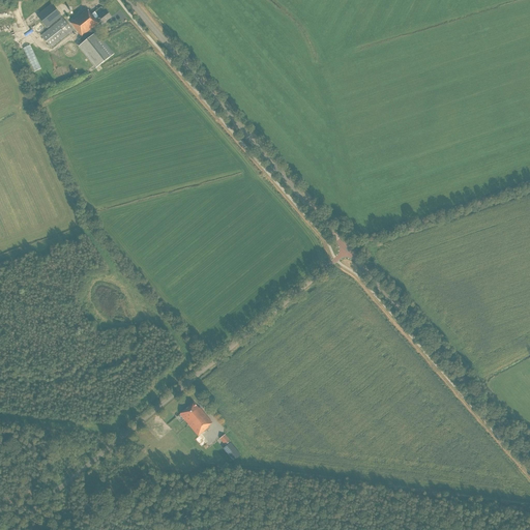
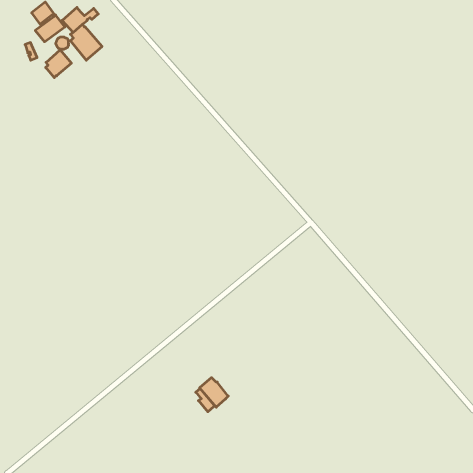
building: none -> [46,50,71,78]
building: [179,402,211,435] -> [200,378,228,407]

